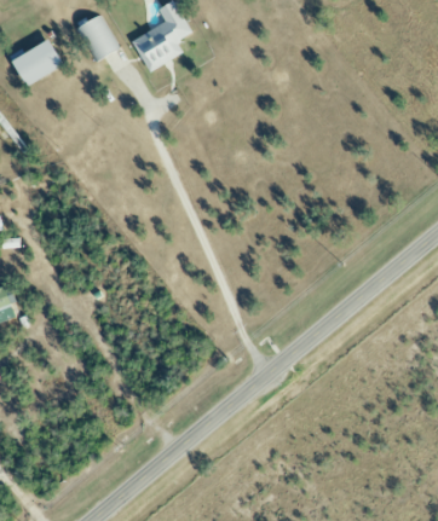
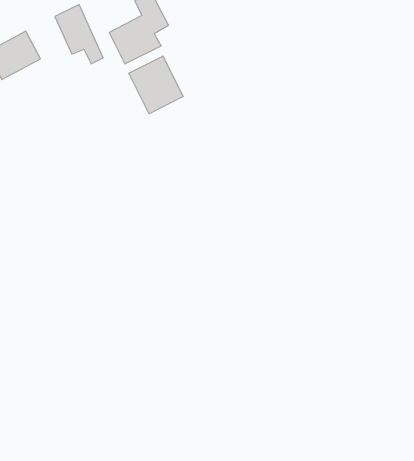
building: none -> [129,56,183,114]

